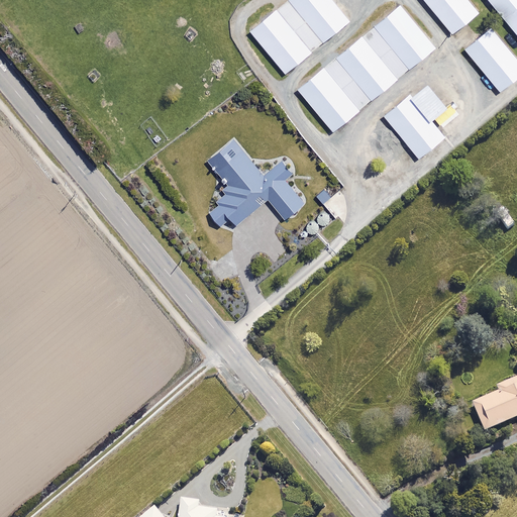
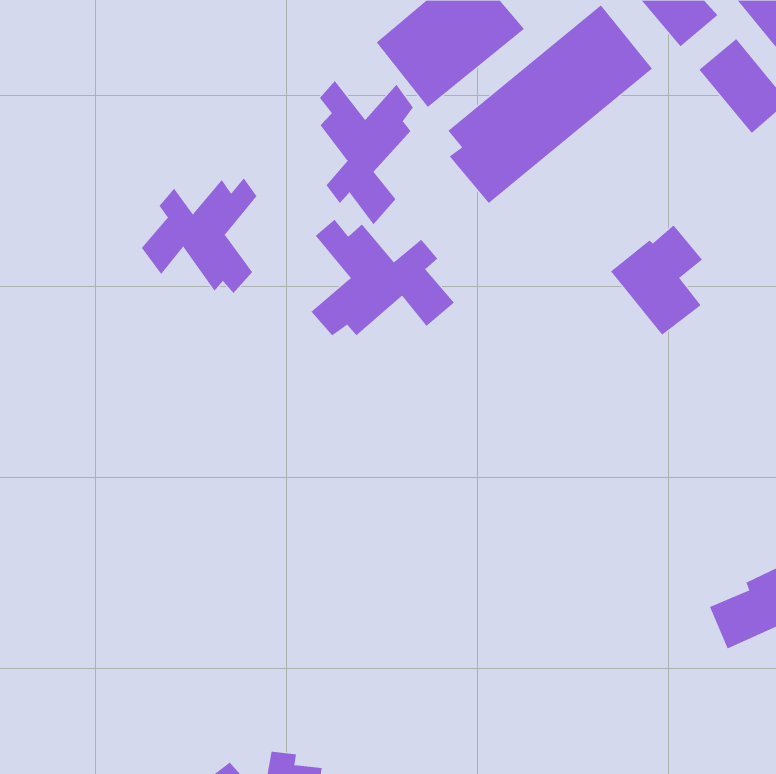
building: none -> [319,80,414,225]
building: [384,84,445,158] -> [610,225,703,336]
building: none -> [141,178,257,294]

